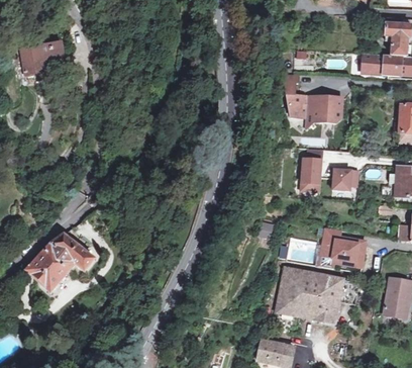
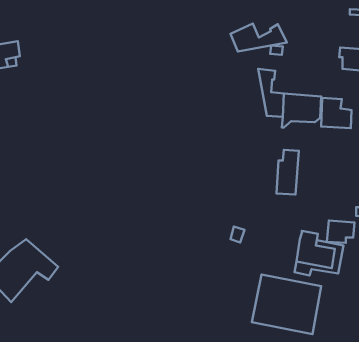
building: none -> [231,23,287,51]
building: none -> [321,98,352,128]
building: [332,169,358,190] -> [327,220,354,243]

